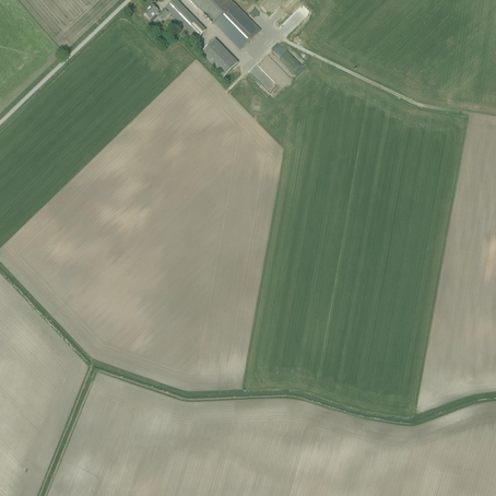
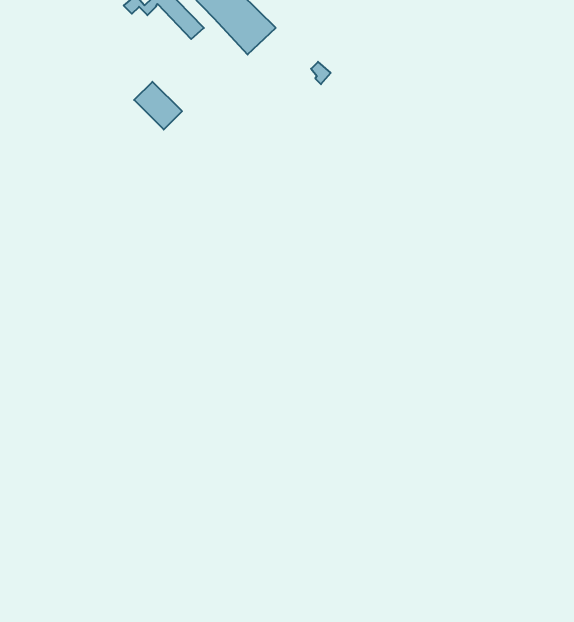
building: [202,37,239,74] -> [134,82,182,130]

